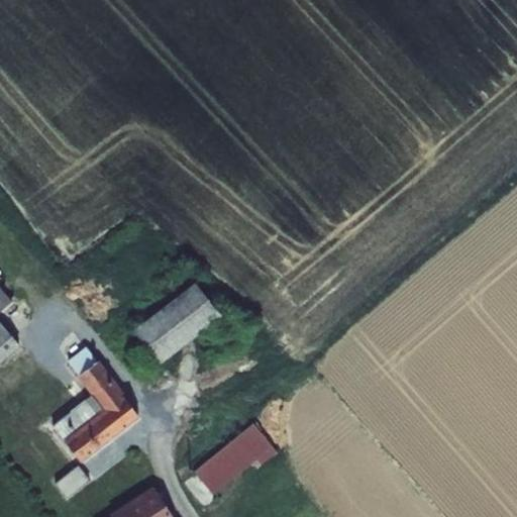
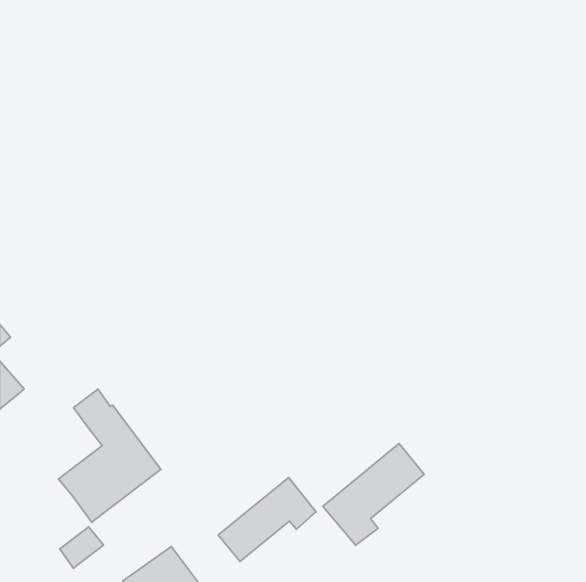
building: [130,281,222,366] -> none
building: none -> [323,444,424,545]

